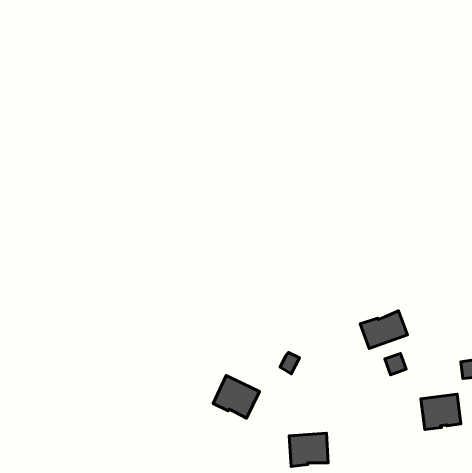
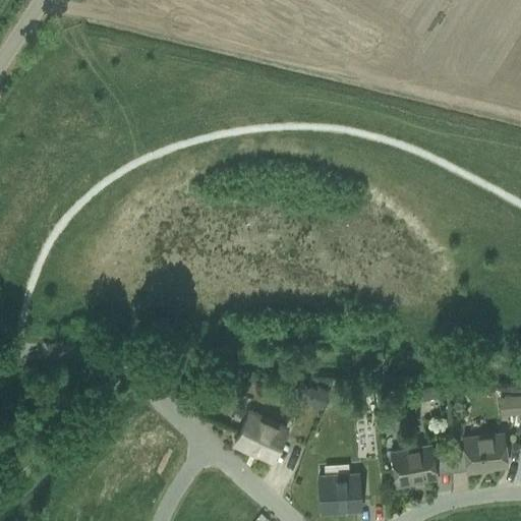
building: [360,311,408,348] -> none
building: none -> [392,446,438,486]

